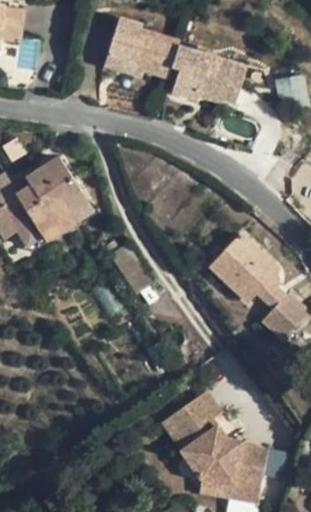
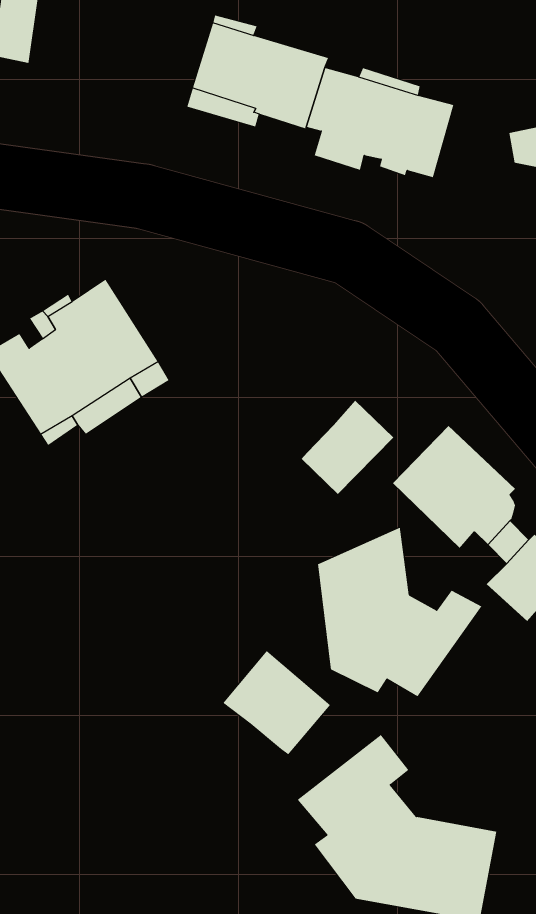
building: none -> [301,400,394,495]
building: none -> [318,527,482,697]
building: none -> [222,650,331,755]

